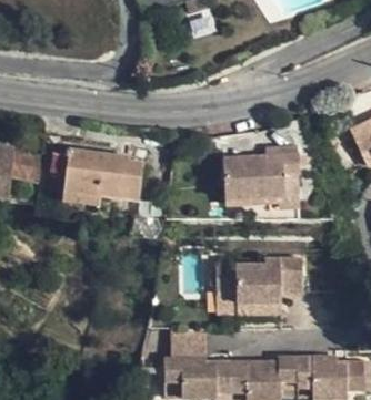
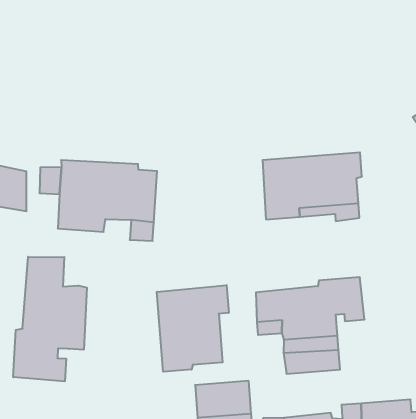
building: none -> [13,257,87,381]
building: none -> [157,285,229,372]

